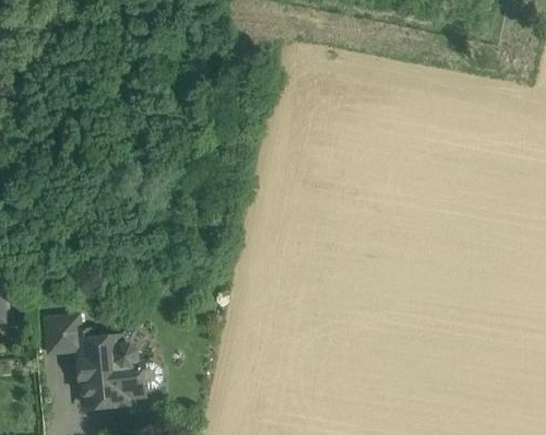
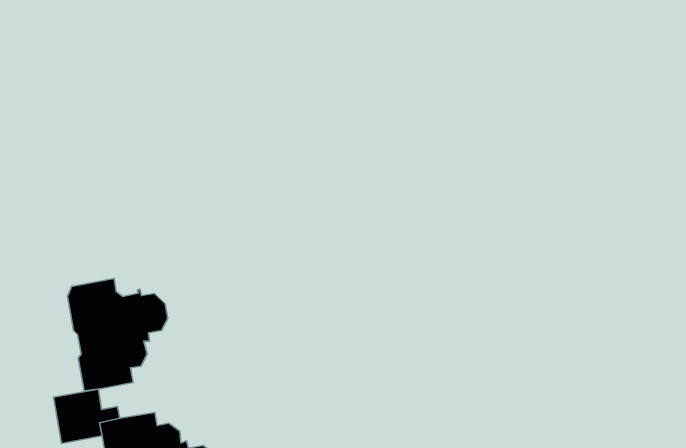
building: none -> [67,279,168,391]

